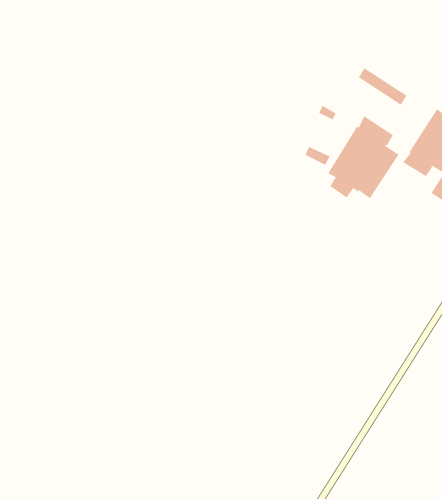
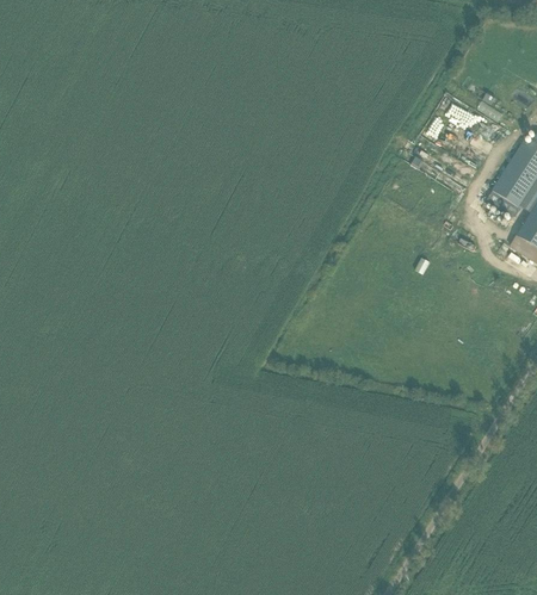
building: [327,115,400,199] -> none

